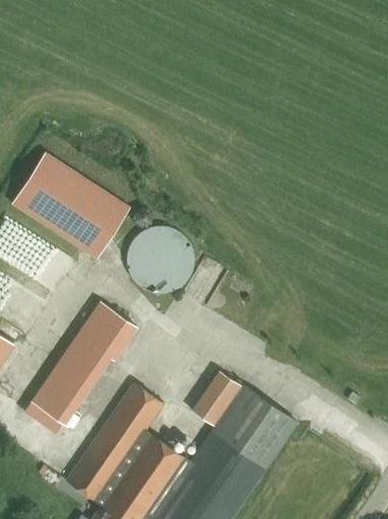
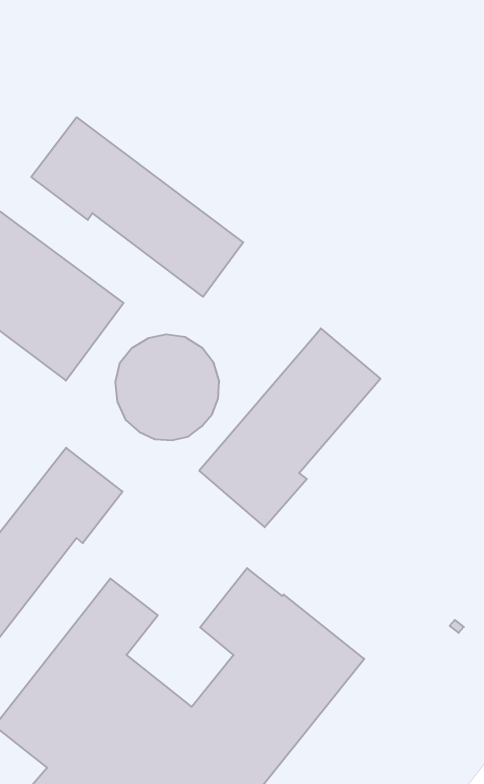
building: none -> [31,117,243,297]
building: none -> [199,328,380,527]

